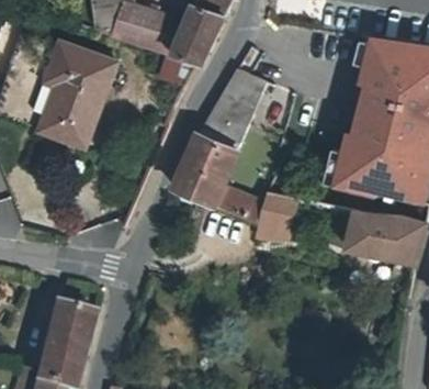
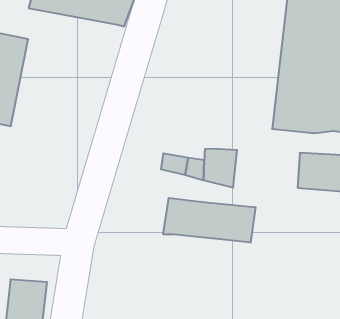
building: [174,70,266,209] -> none
building: none -> [163,198,256,243]

